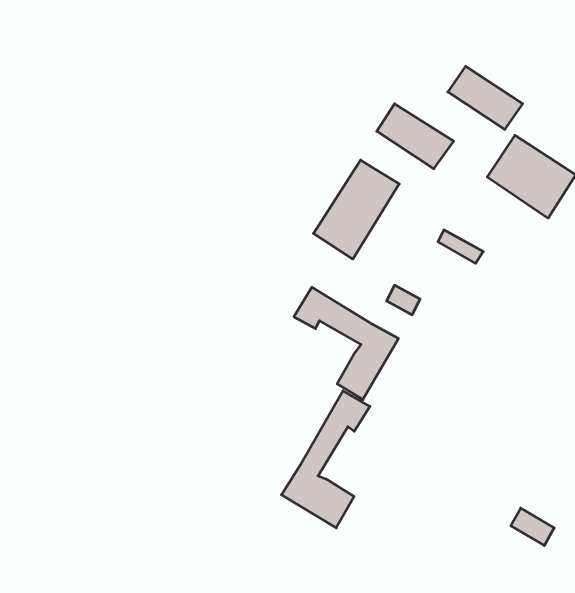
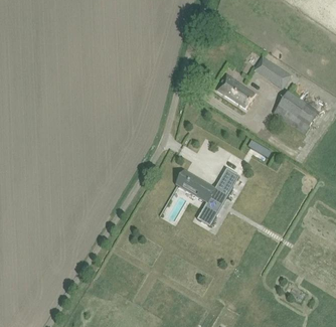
building: [313,160,399,259] -> none
building: [281,391,370,528] -> none

